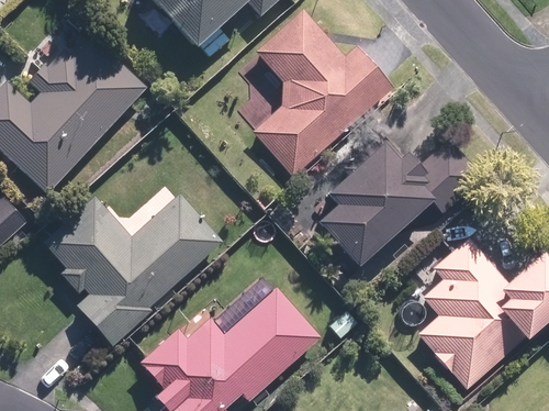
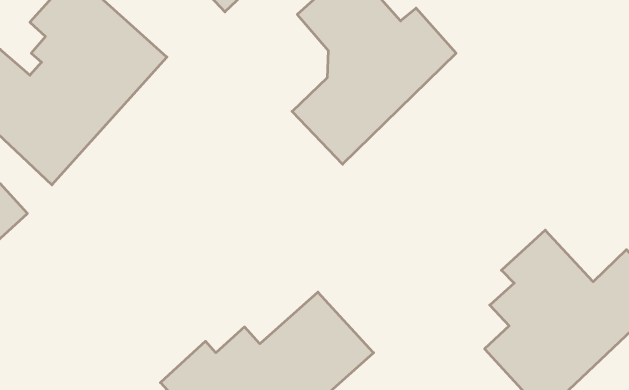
building: [312,138,484,268] -> none
building: [41,193,223,347] -> none

